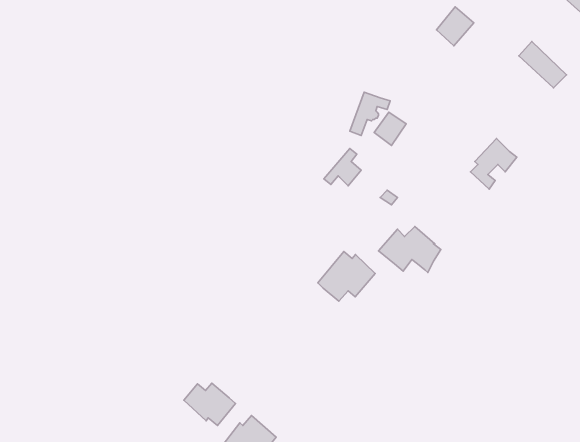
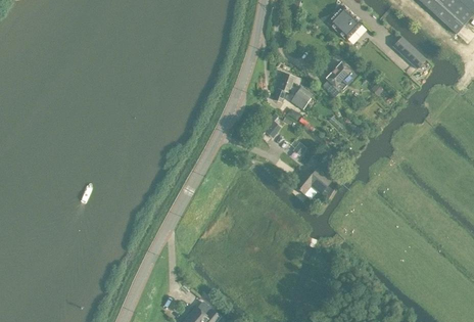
building: [471,139,517,189] -> [322,60,354,96]
building: [318,251,375,301] -> none
building: [184,383,235,426] -> none

